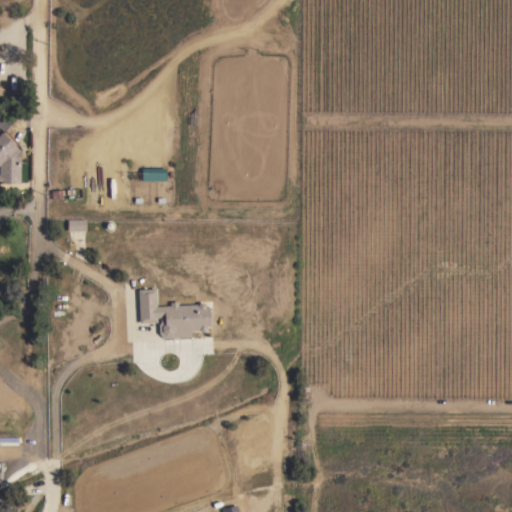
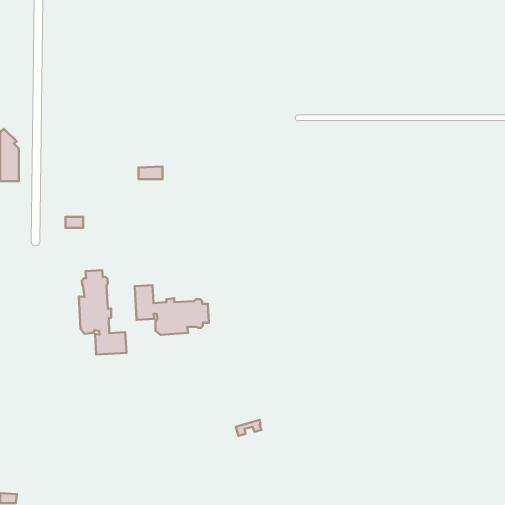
building: none -> [79,270,126,354]

